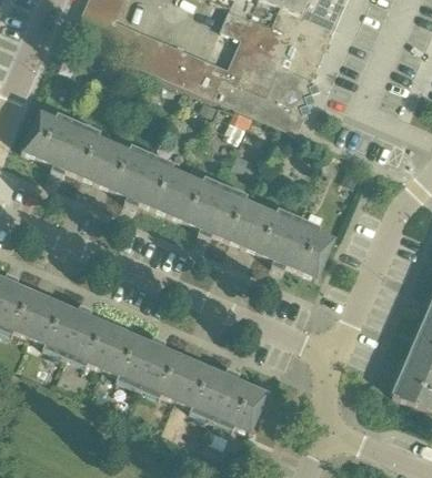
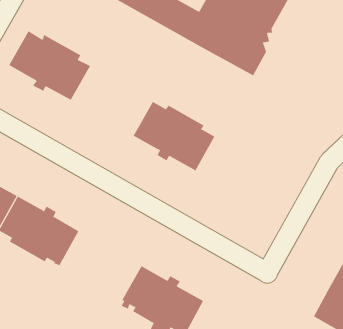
building: [96,141,187,214] -> none
building: [243,205,334,278] -> none
building: [102,327,193,399] -> none

